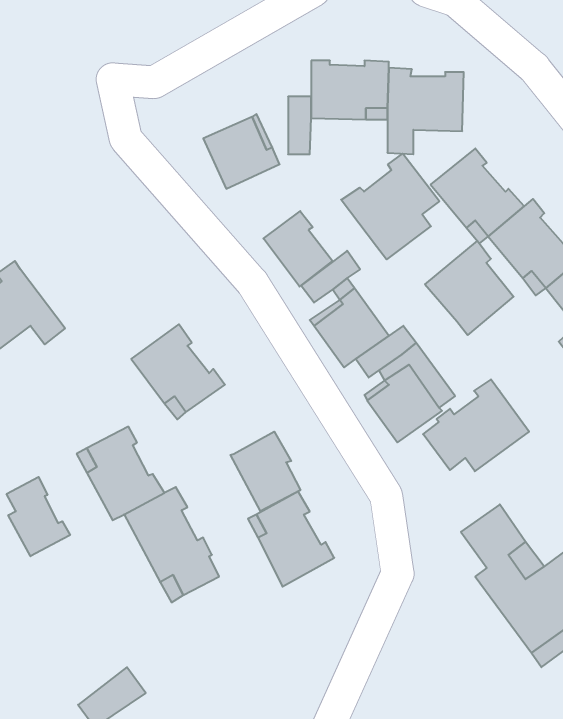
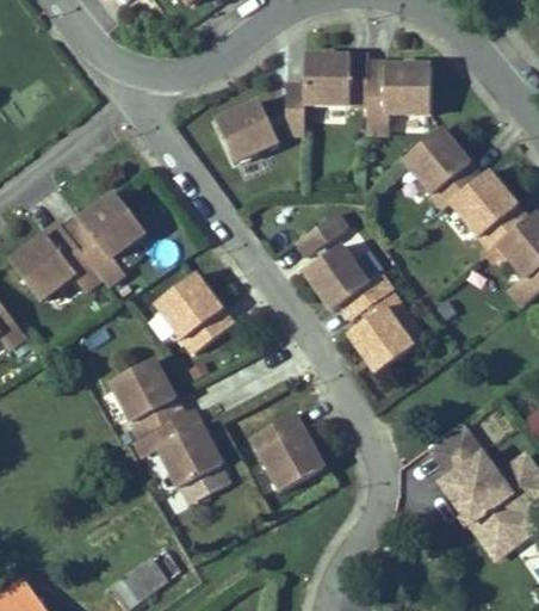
building: [341,154,439,259] -> none
building: [263,211,332,287] -> none
building: none -> [64,192,145,284]
building: [425,241,514,335] -> none
building: [423,379,529,471] -> none
building: [230,432,300,511] -> none
building: [7,477,70,556] -> none

